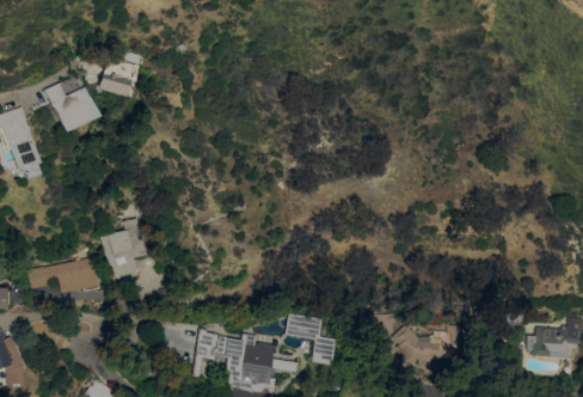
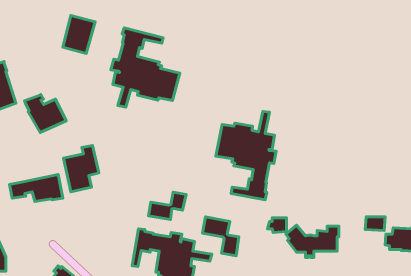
building: none -> [111,28,180,107]
building: [45,81,100,132] -> [25,95,66,133]
building: none -> [216,112,276,200]
building: none -> [148,192,186,220]

